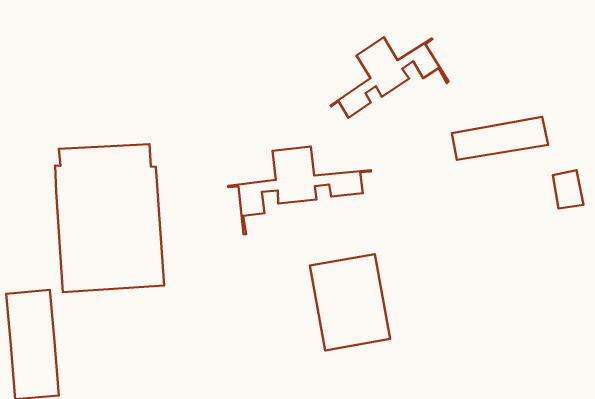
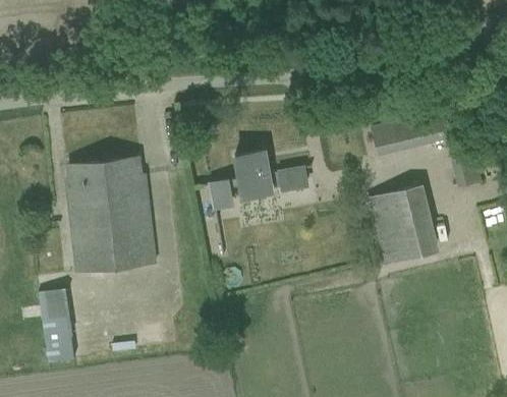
building: [331,37,448,118] -> none
building: [310,254,390,351] -> [368,186,434,264]

